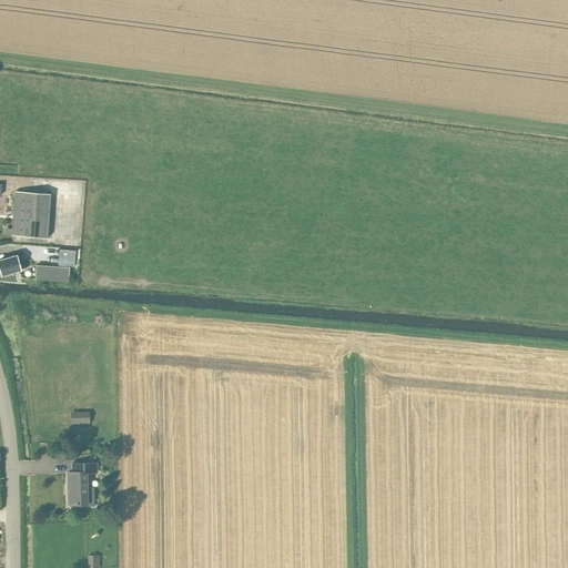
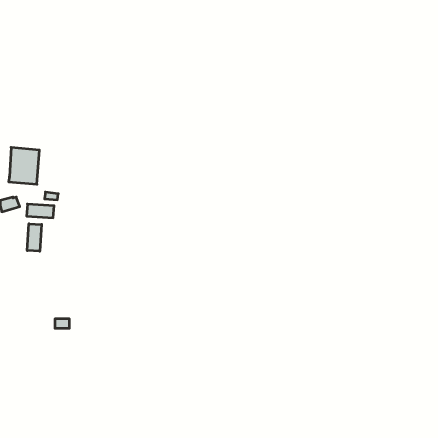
building: none -> [27,224,42,251]
building: [68,463,97,507] -> none

